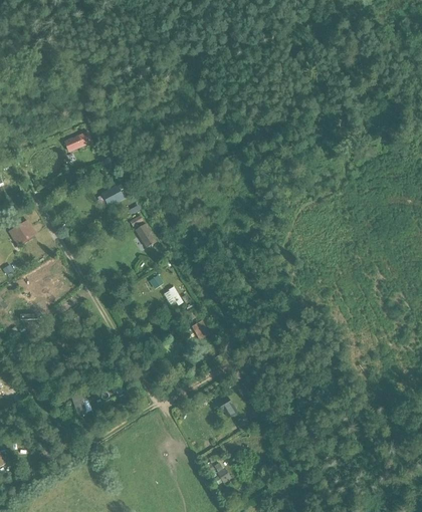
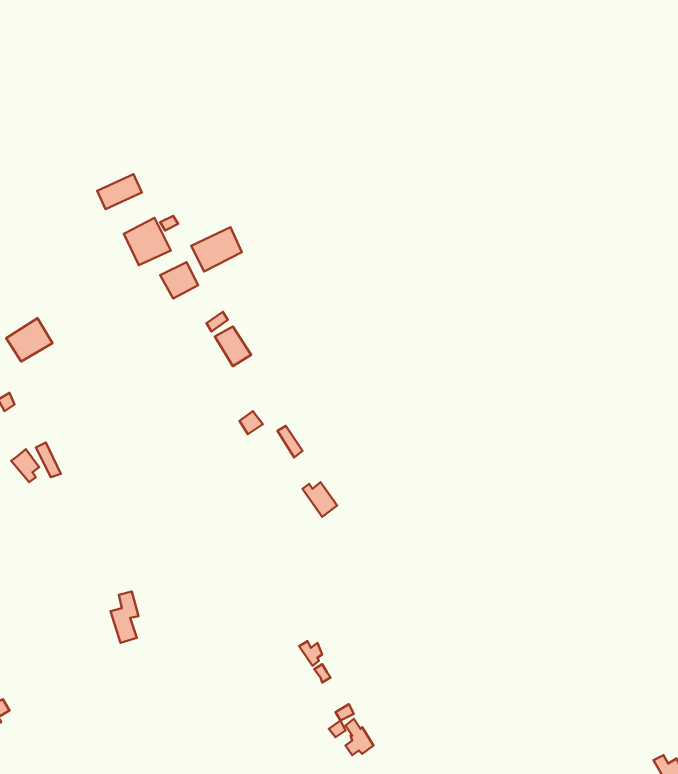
building: none -> [124,218,171,265]
building: none -> [191,227,242,272]

